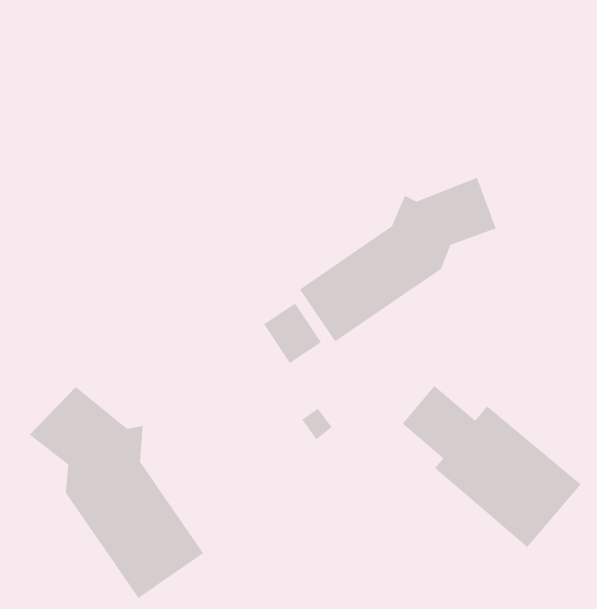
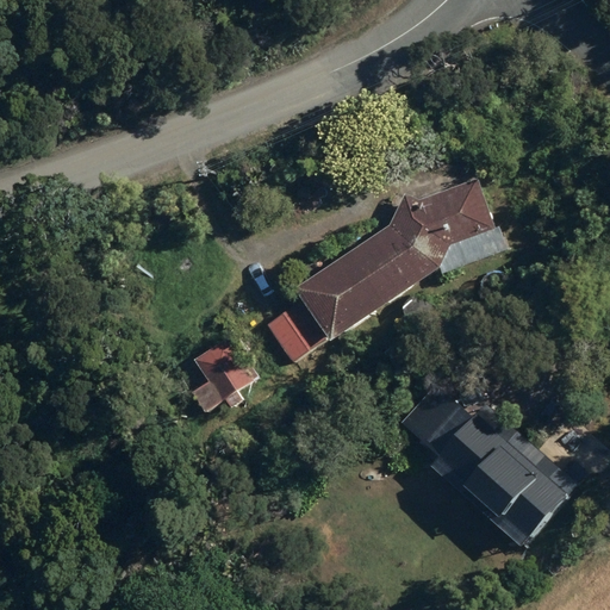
building: none -> [189,338,250,412]
building: [29,386,204,599] -> none

